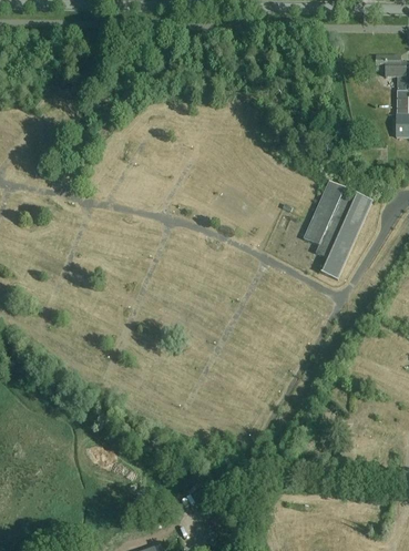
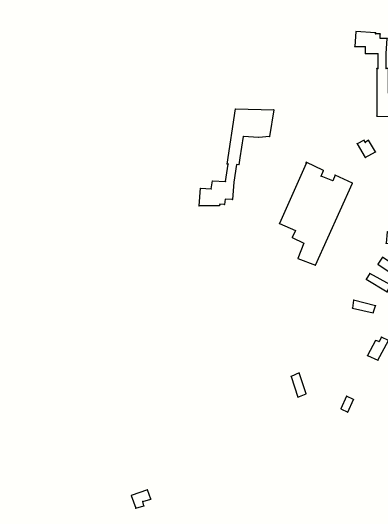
building: none -> [199,109,274,206]

